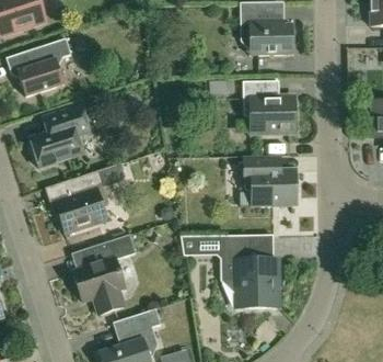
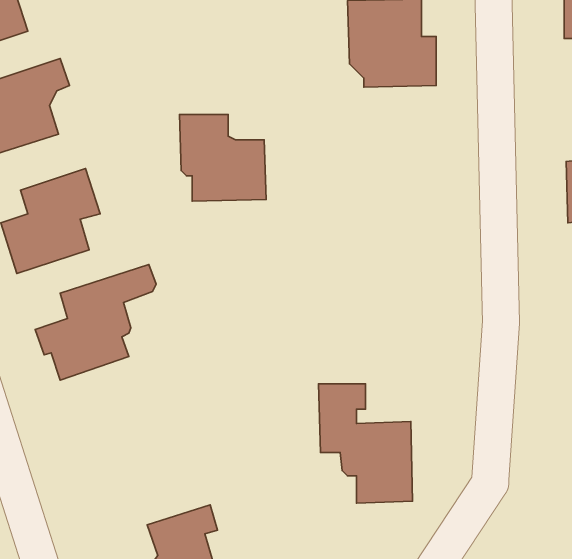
building: [242,80,294,133] -> [179,114,266,201]
building: [243,155,295,204] -> none
building: [72,233,136,314] -> none

